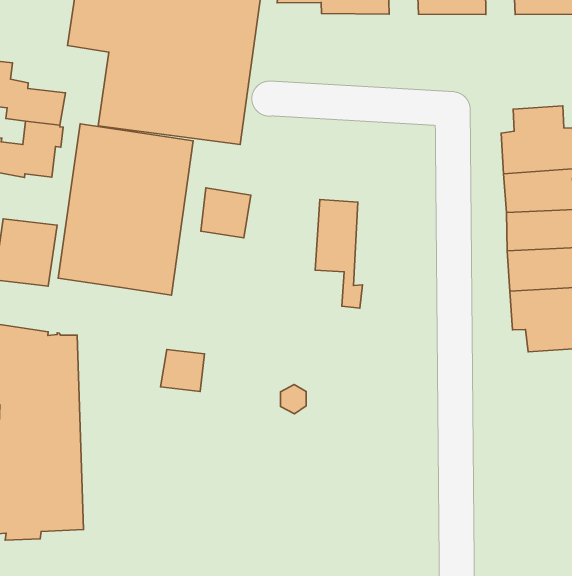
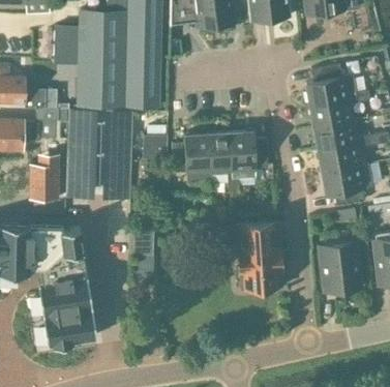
building: none -> [172,135,210,183]
building: none -> [230,132,268,181]
building: none -> [237,224,282,295]
building: none -> [319,243,362,294]

